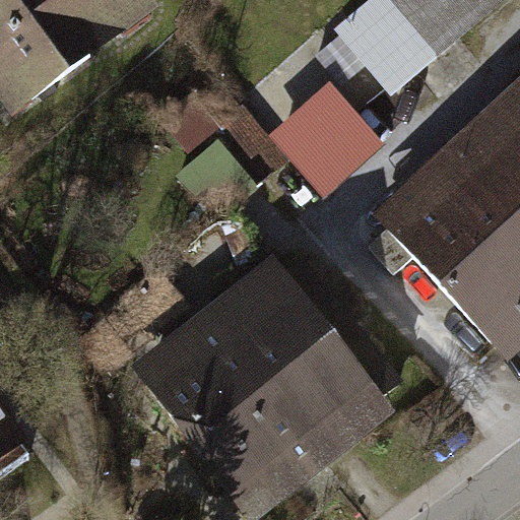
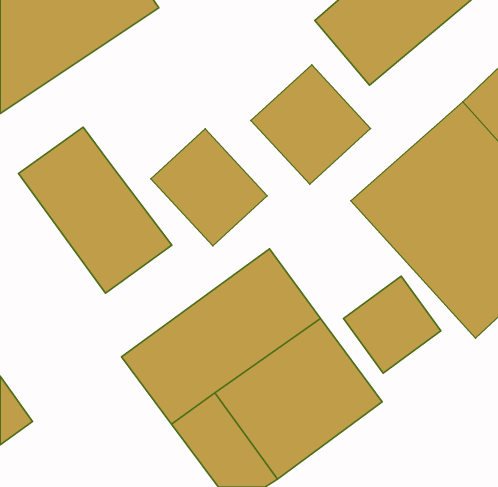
building: none -> [19,127,172,293]
building: none -> [151,129,267,246]
building: none -> [343,276,441,373]

